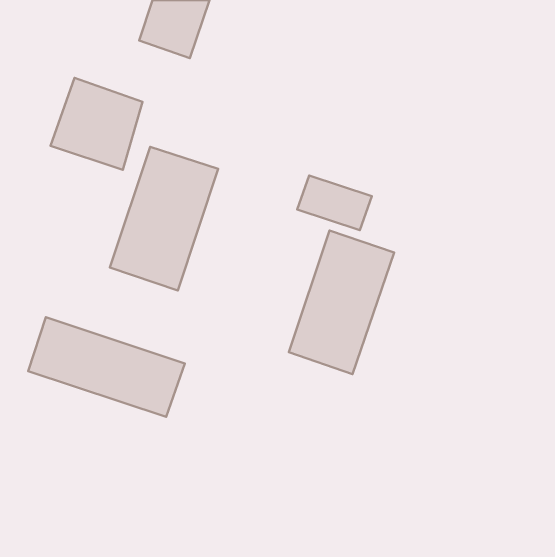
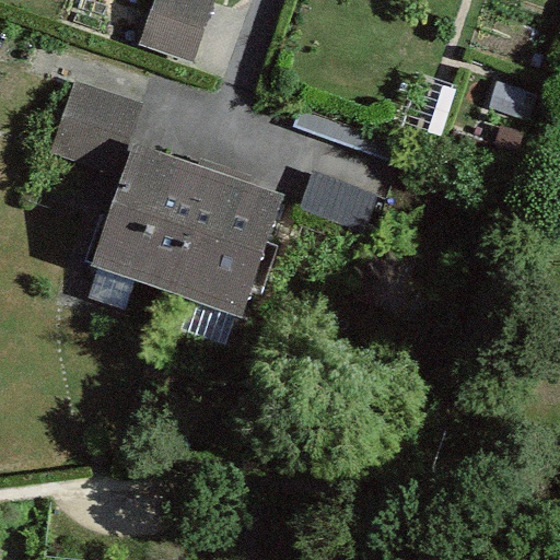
building: [289,231,394,374] -> [177,172,282,315]
building: [28,317,185,417] -> none

